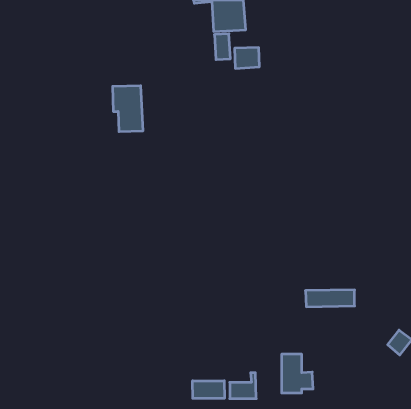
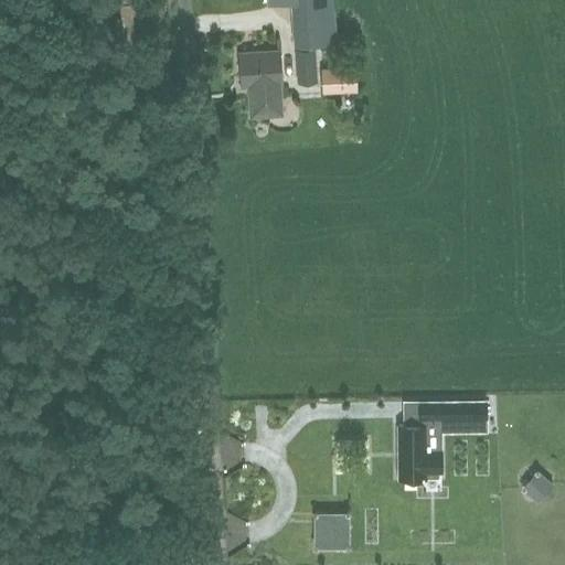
building: [113,86,143,132] -> [241,53,282,116]
building: [282,354,313,393] -> [398,427,441,480]
building: [193,381,224,398] -> none

